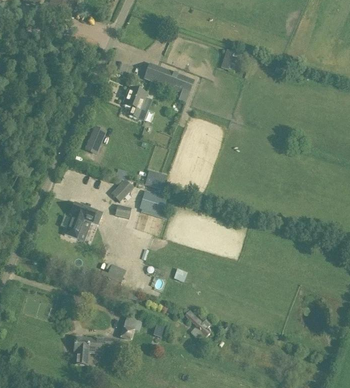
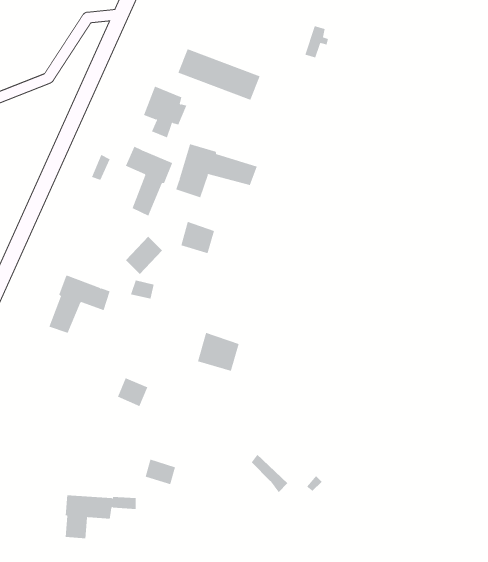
building: none -> [175,143,257,198]
building: none -> [125,146,174,217]
building: [139,190,165,214] -> [197,332,240,371]

